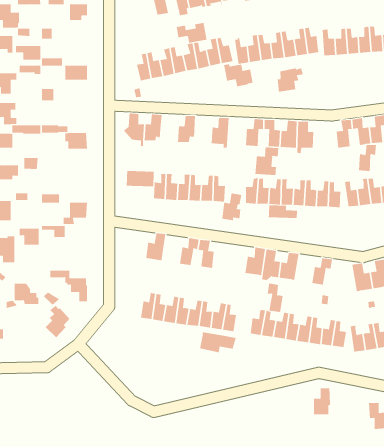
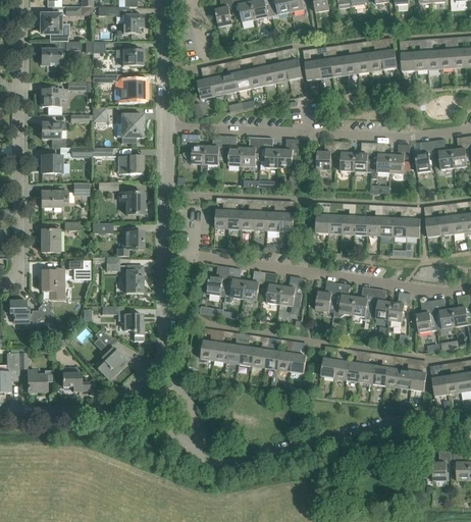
building: [176,22,207,44] -> none
building: [15,45,41,60] -> [114,49,143,65]
building: [224,64,253,87] -> none
building: [277,67,303,92] -> none
building: none -> [115,114,143,143]
building: none -> [223,136,242,166]
building: none -> [259,137,278,169]
building: [358,144,377,171] -> [389,144,410,173]
building: [255,147,279,176] -> none
building: none -> [119,192,143,214]
building: [126,170,154,187] -> none
building: [222,193,242,221] -> [279,275,302,306]
building: [268,205,297,219] -> none
building: none -> [125,265,142,293]
building: none -> [223,266,246,302]
building: none -> [415,300,436,332]
building: [267,283,284,313] -> [372,288,390,320]
building: [14,283,39,305] -> [61,367,89,390]
building: [200,331,236,353] -> none
building: [313,388,331,415] -> [431,451,451,480]

